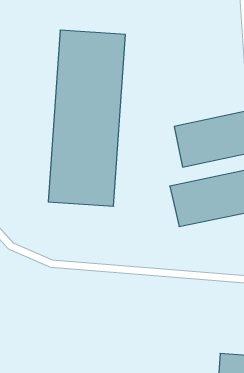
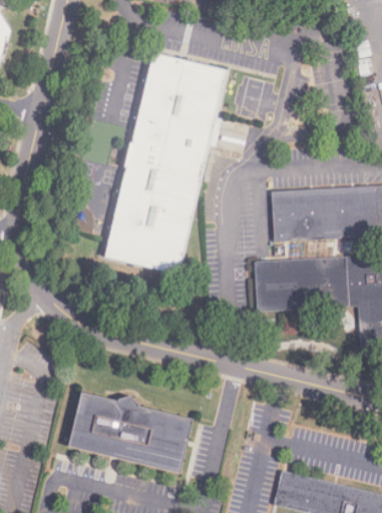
building: none -> [70,393,195,472]

